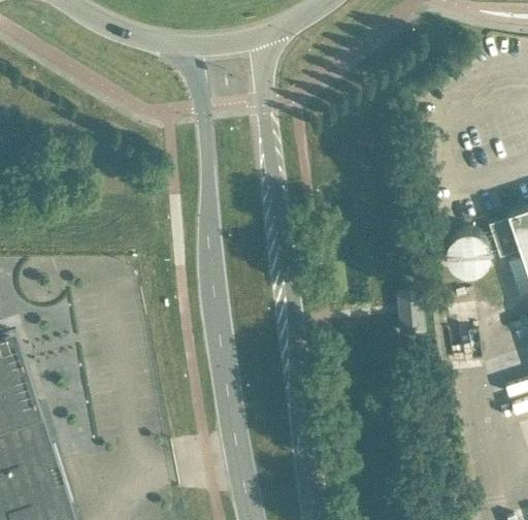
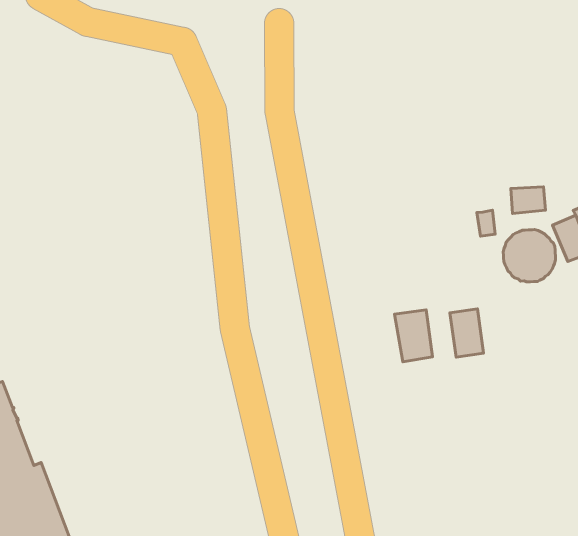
building: none -> [511,187,545,213]
building: none -> [394,310,432,362]

